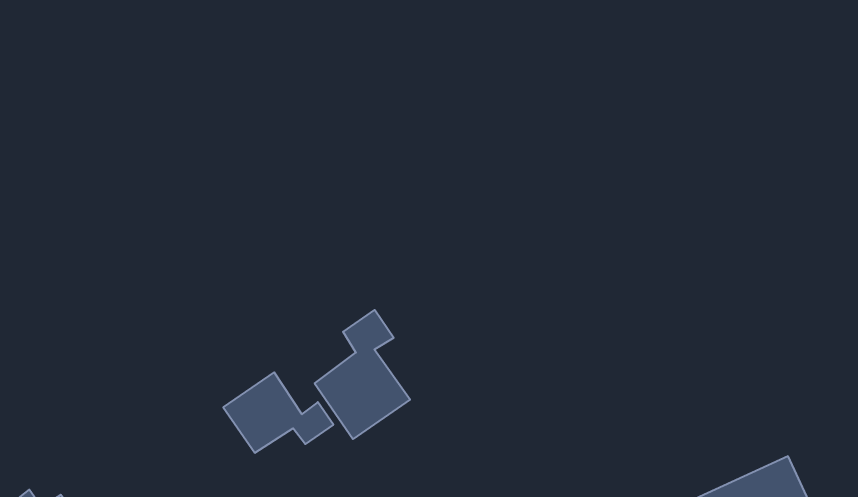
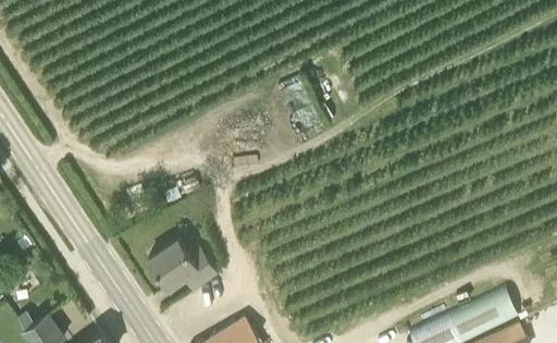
building: [315,310,410,439] -> none

